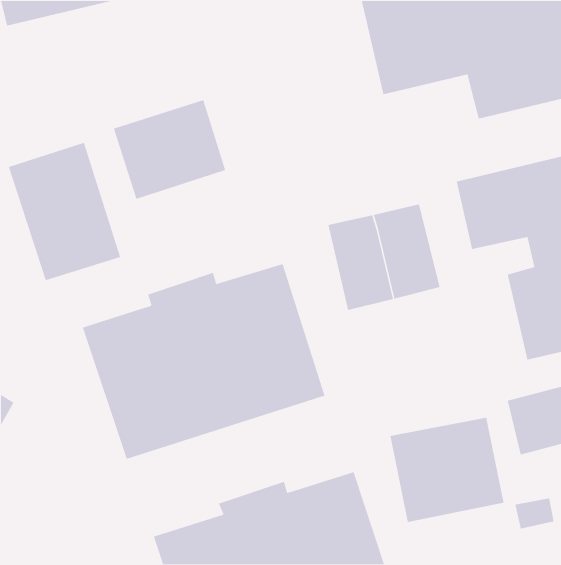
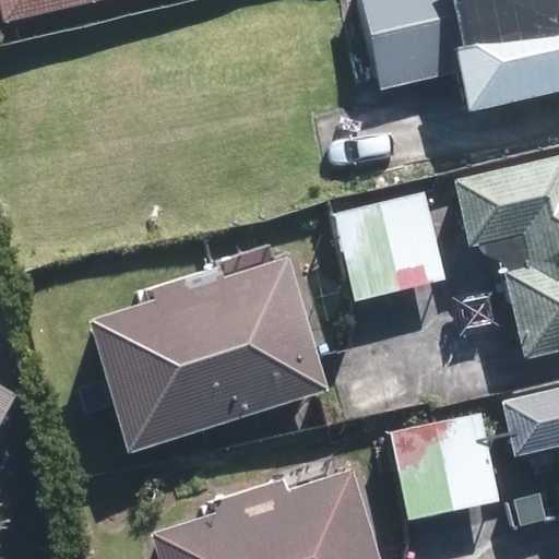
building: [113,99,226,200] -> none
building: [8,142,121,281] -> none

